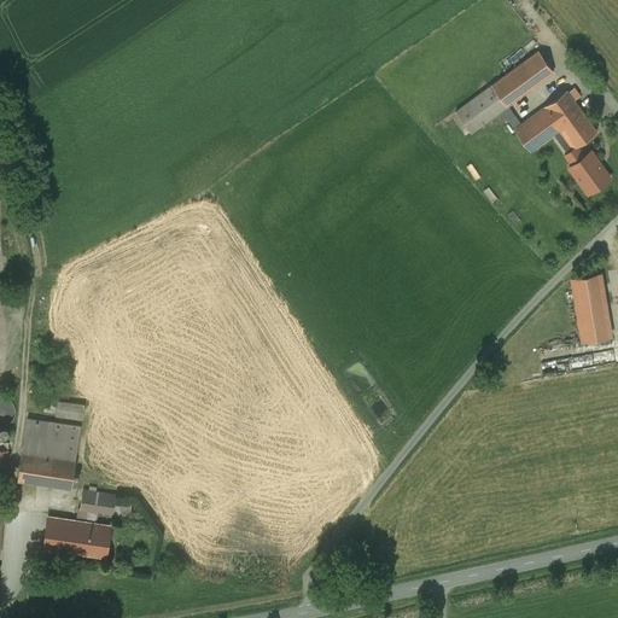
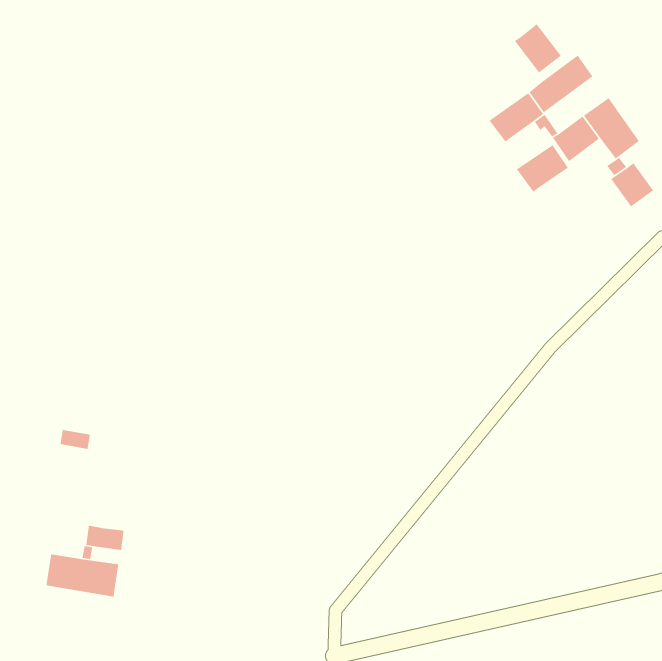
building: none -> [514,23,562,74]
building: none -> [516,144,569,193]
building: [571,274,610,343] -> none
building: [18,419,81,489] -> none

